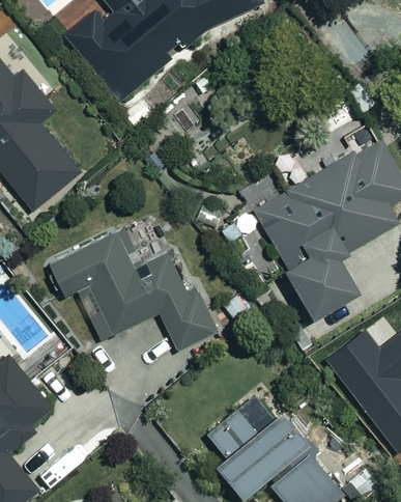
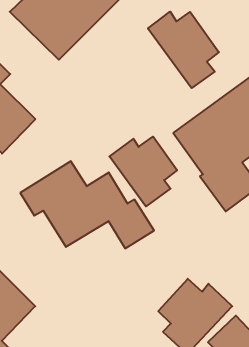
building: none -> [148,12,219,88]
building: none -> [109,137,177,206]

